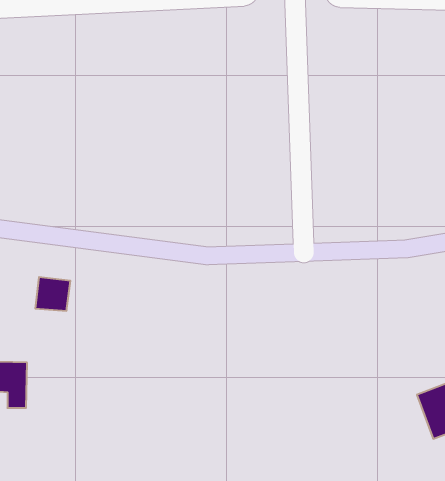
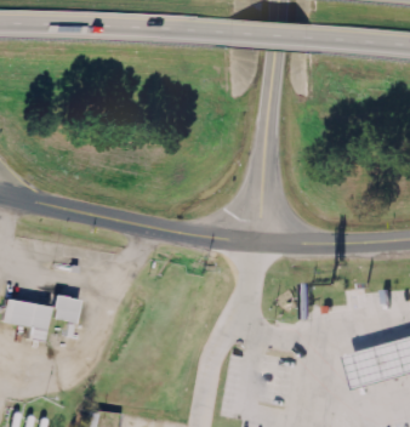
building: [35,277,70,311] -> [45,292,74,320]

